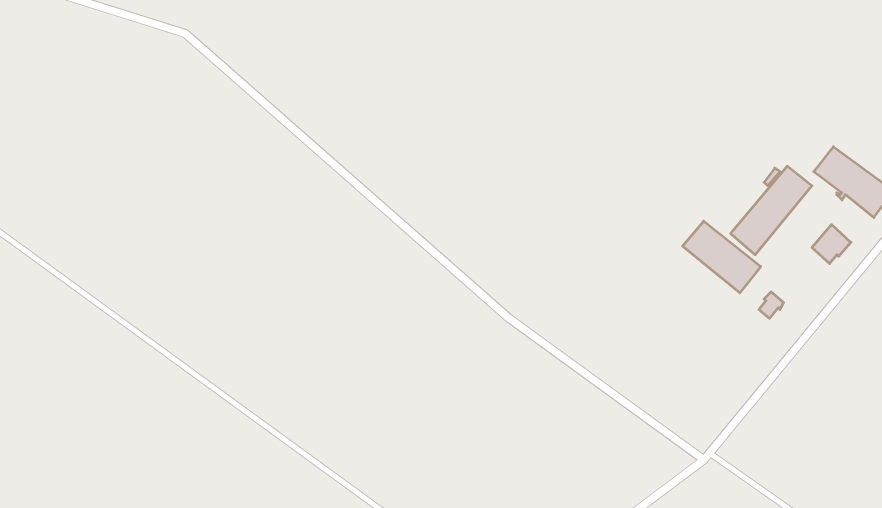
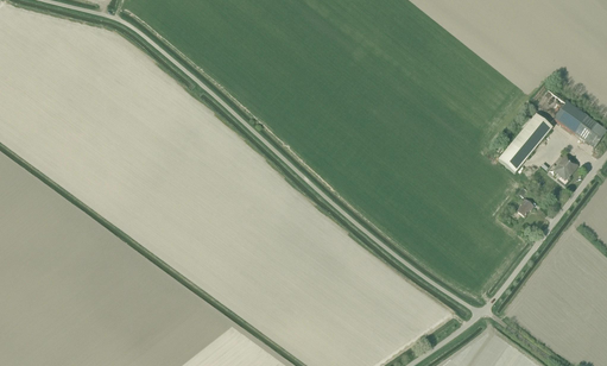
building: [683,221,761,293] -> none

